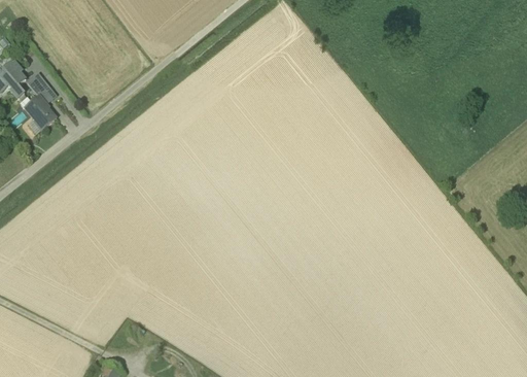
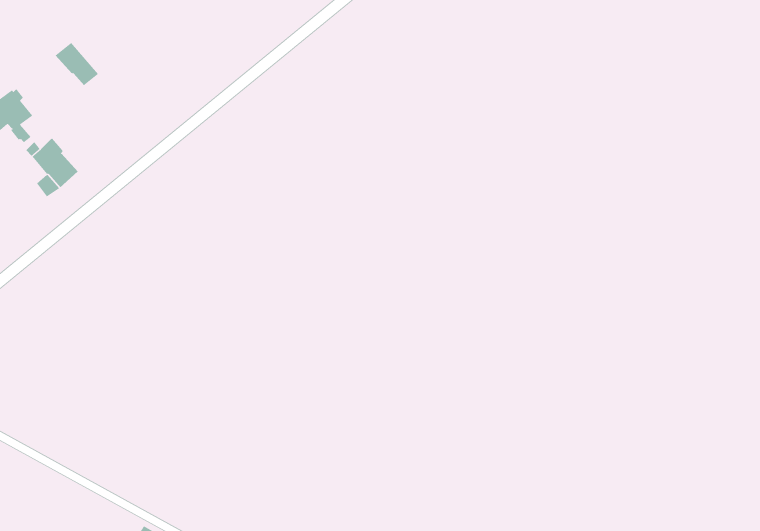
building: [27,73,57,103] -> [55,42,99,86]

